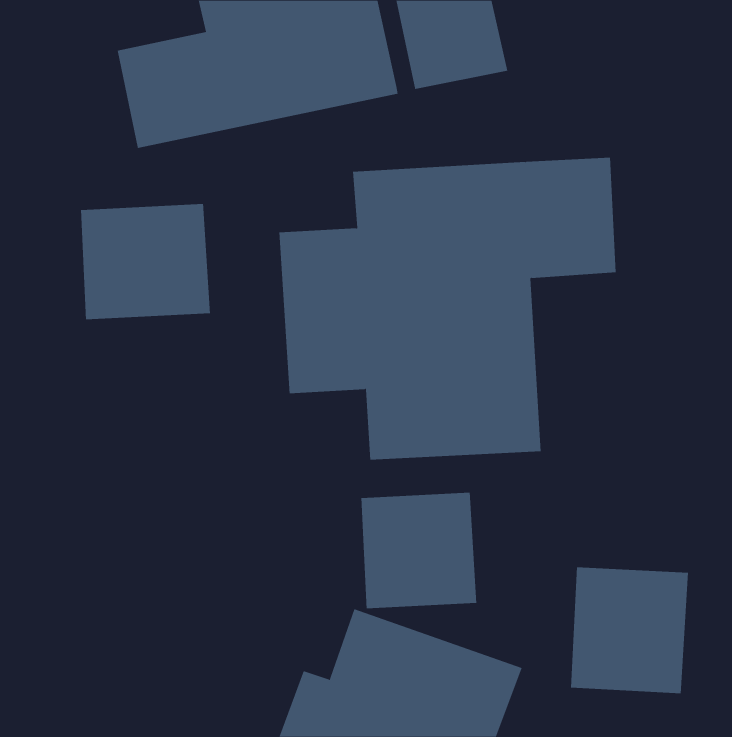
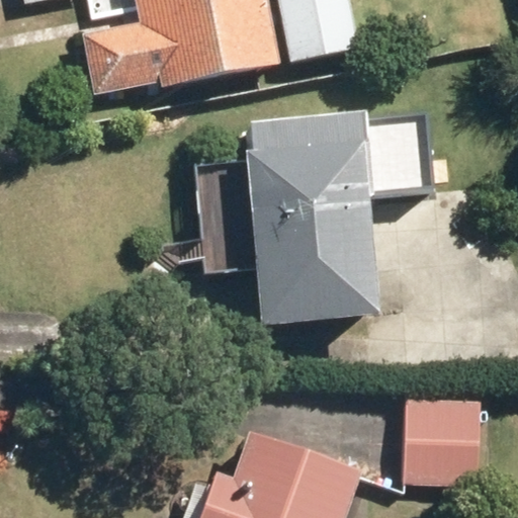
building: [80,203,210,320] -> none
building: [361,492,477,609] -> none

